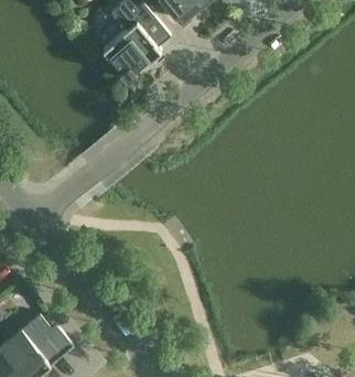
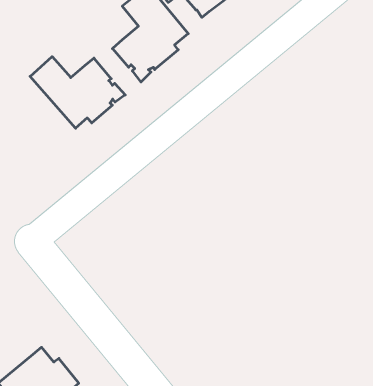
building: none -> [30,57,125,128]

